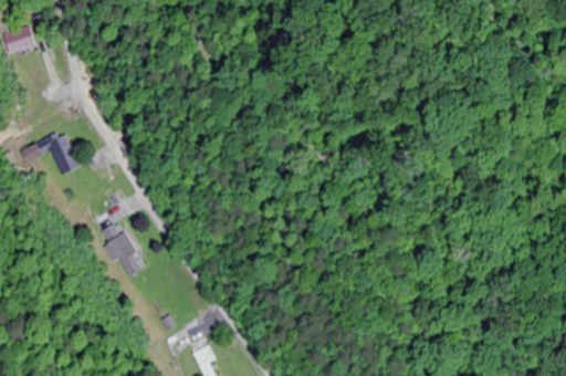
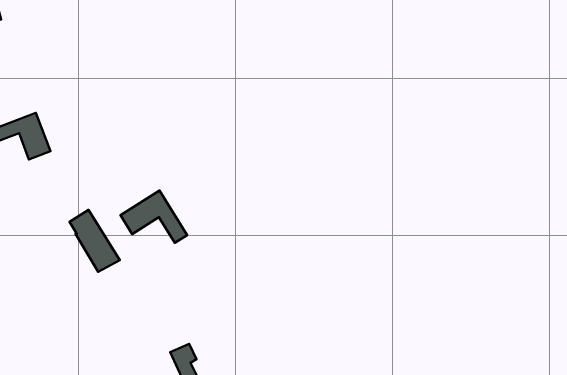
building: none -> [120,191,187,243]

